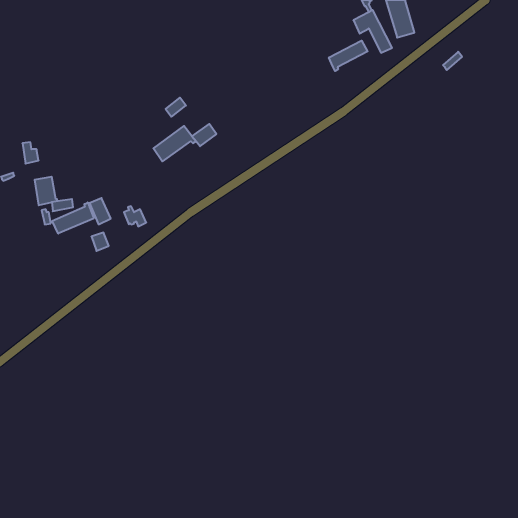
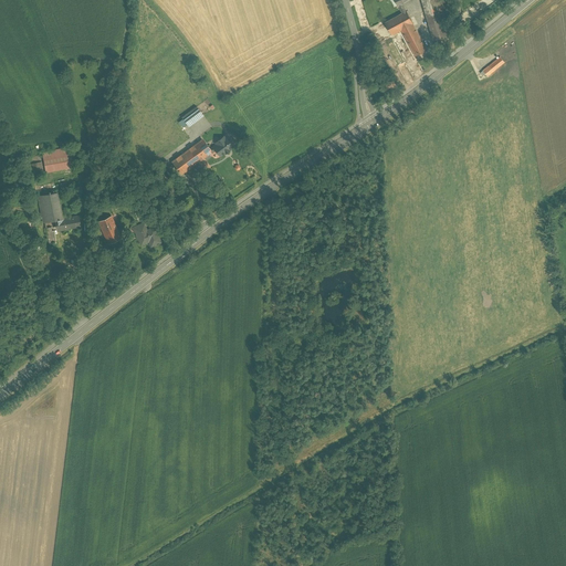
building: [329,41,368,71] -> none
building: none -> [42,148,72,174]
building: [52,202,94,234] -> none

